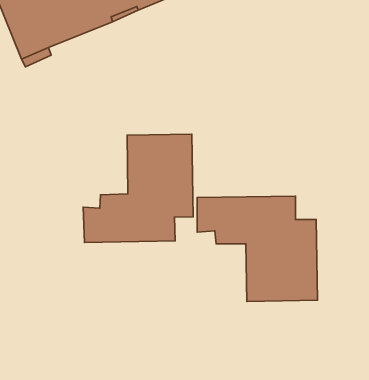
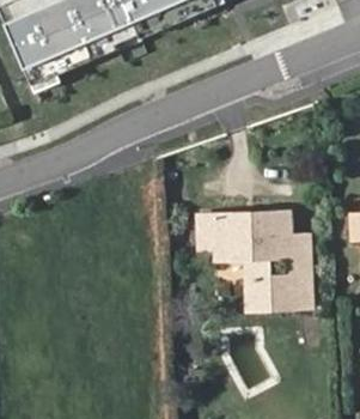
building: [83,134,193,243] -> none

